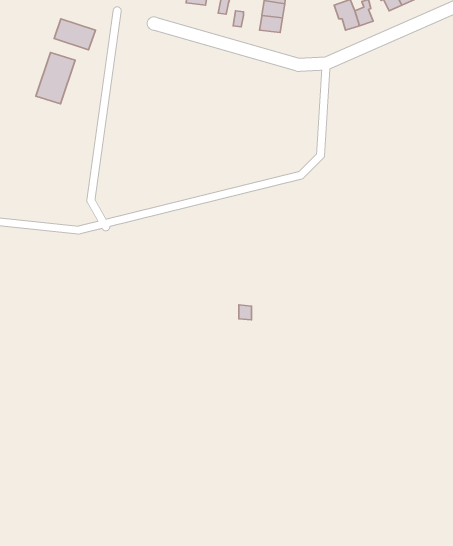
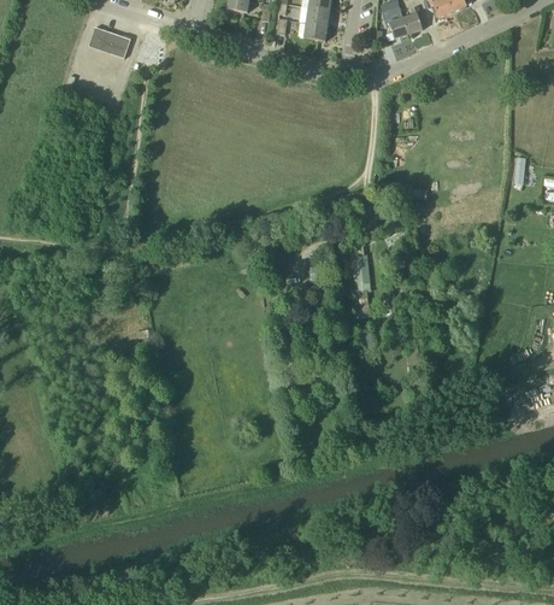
building: [36,53,75,104] -> none

